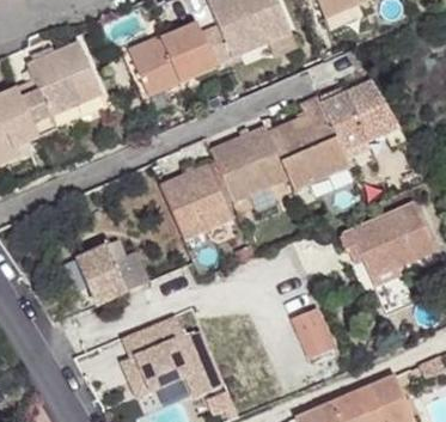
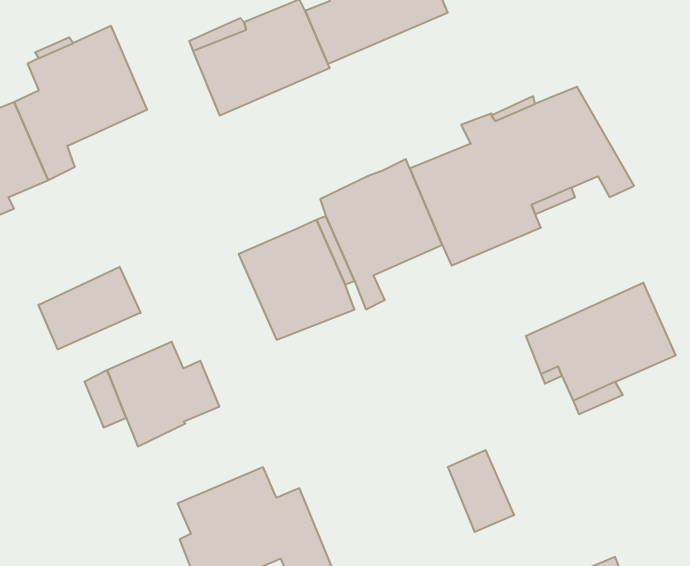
building: none -> [38,267,141,349]

